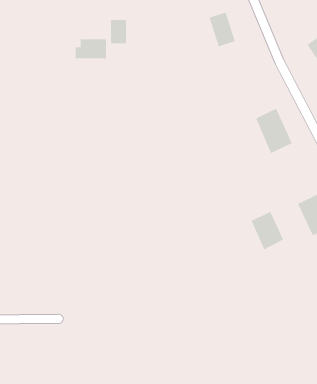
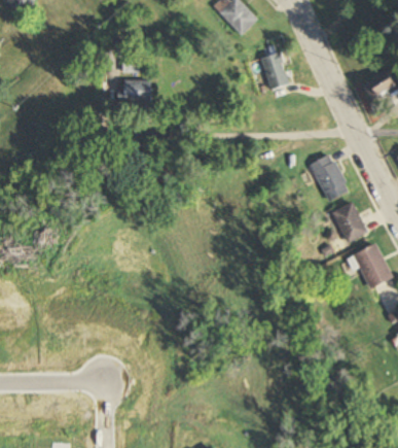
building: [110,19,127,44] -> none
building: [250,211,284,251] -> [331,202,367,244]

